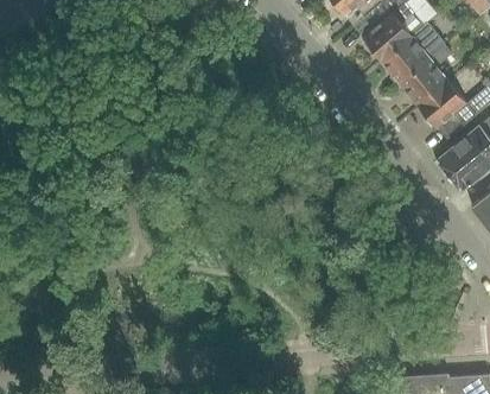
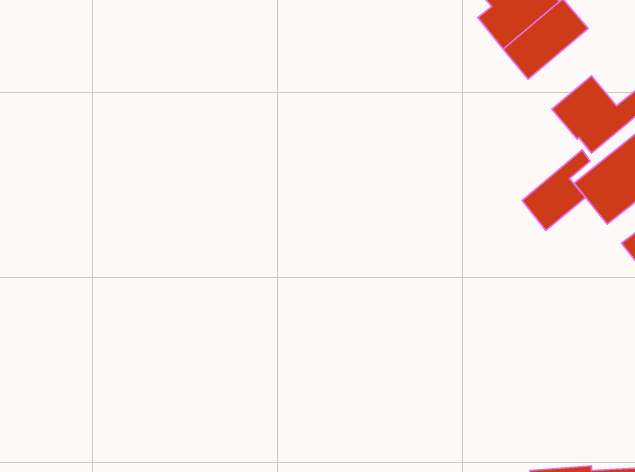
building: [401,45,452,106] -> [522,150,590,231]

